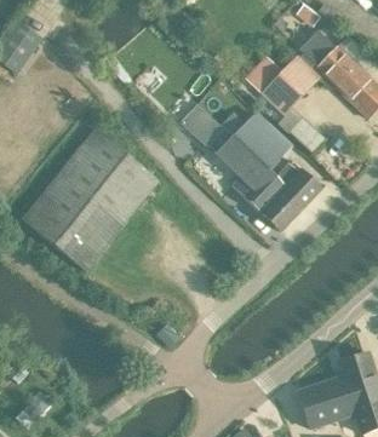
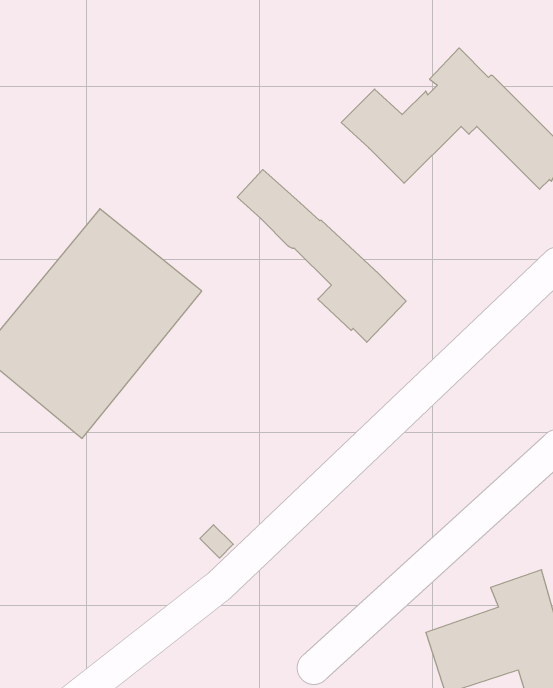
building: [219,111,291,169] -> none
building: [260,159,321,231] -> none

